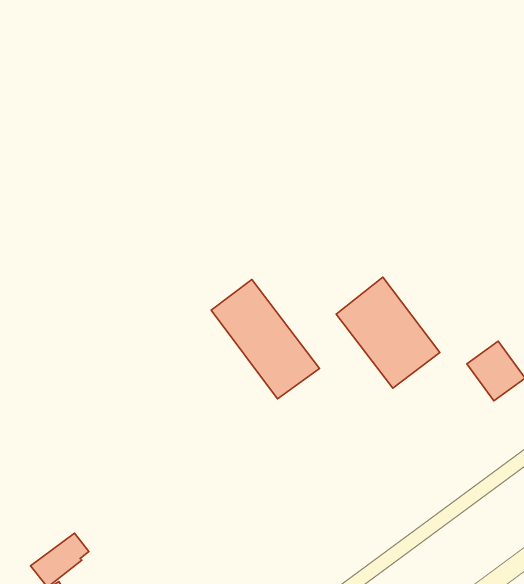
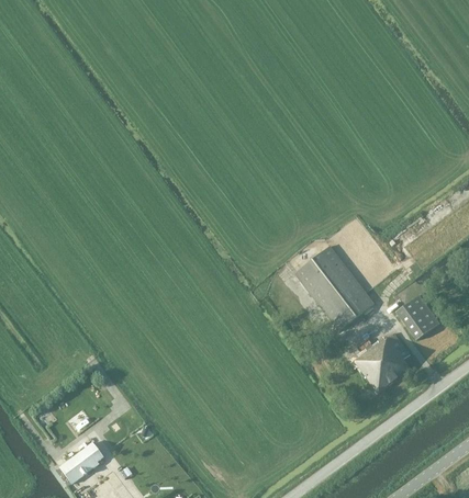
building: [211,279,320,399] -> none
building: none -> [353,332,411,393]

